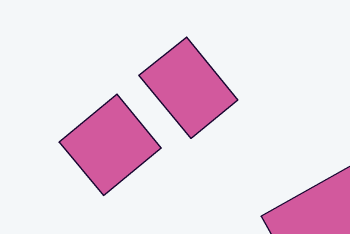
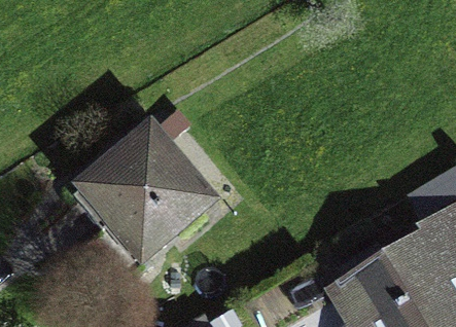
building: [139,37,238,138] -> none

